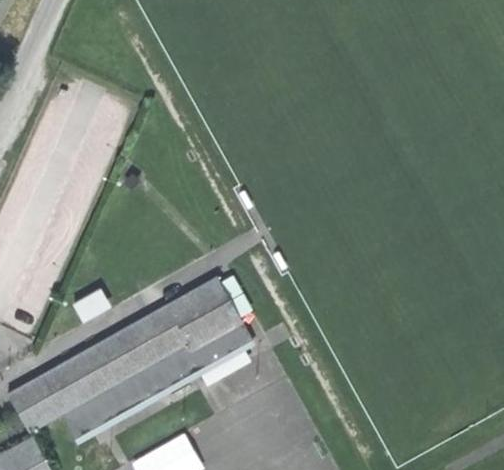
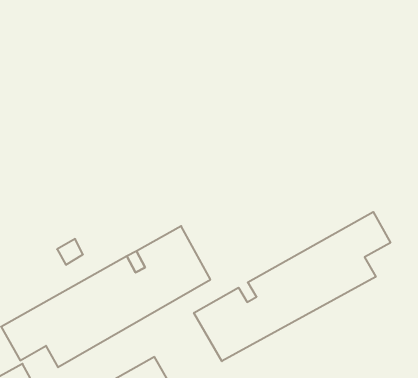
building: none -> [194,212,390,361]

